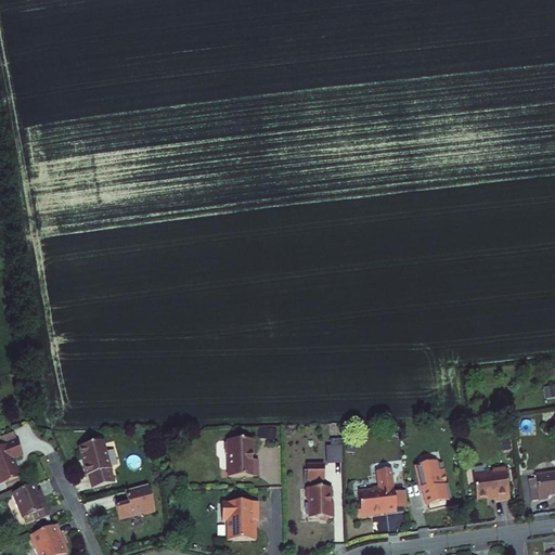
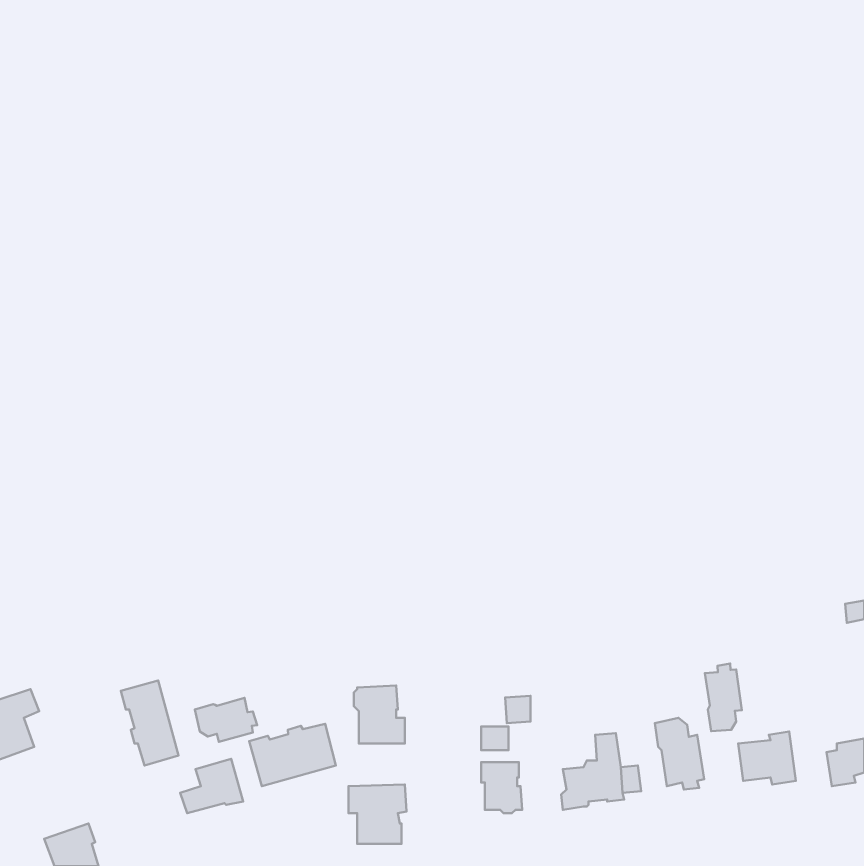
building: none -> [705,663,742,731]
building: none -> [195,698,257,742]
building: none -> [249,724,336,786]
building: [14,483,50,519] -> none

